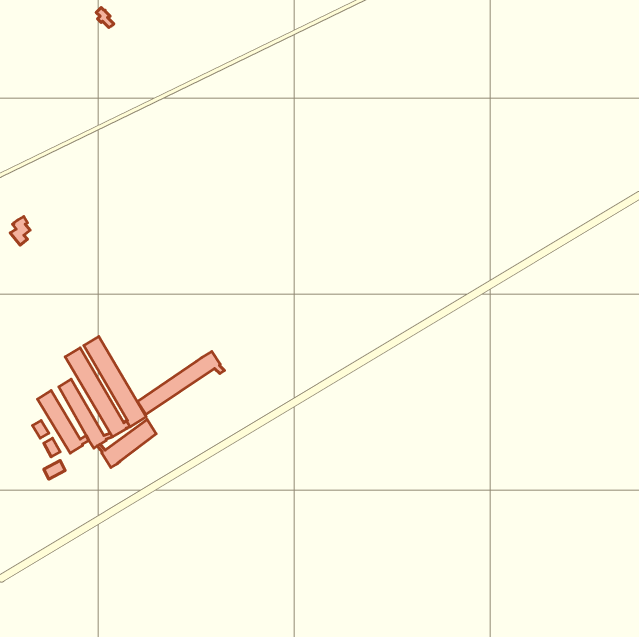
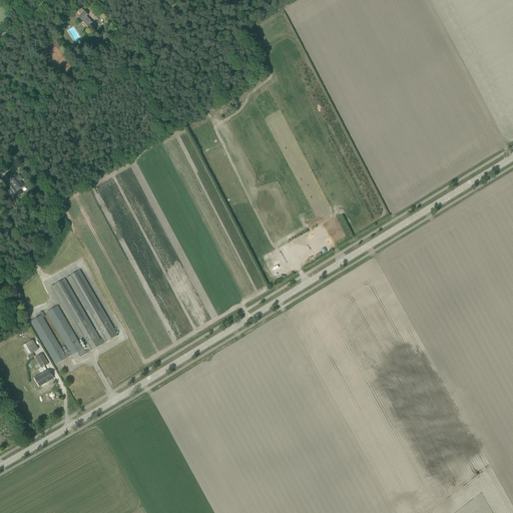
building: [137,351,225,414] -> none
building: [97,420,156,467] -> none

